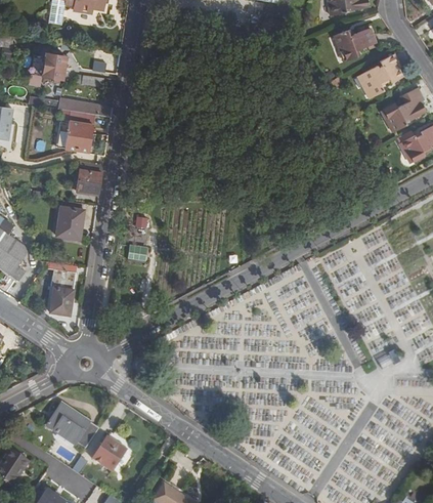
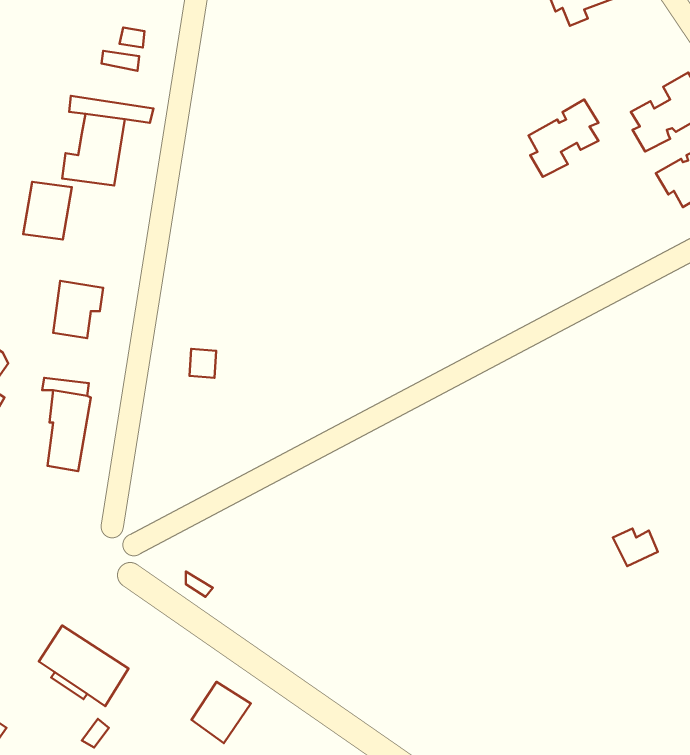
building: [32,52,66,81] -> none
building: [360,52,400,96] -> [529,100,598,177]
building: [76,160,103,193] -> [23,182,72,239]
building: [91,435,125,470] -> [191,682,251,743]

